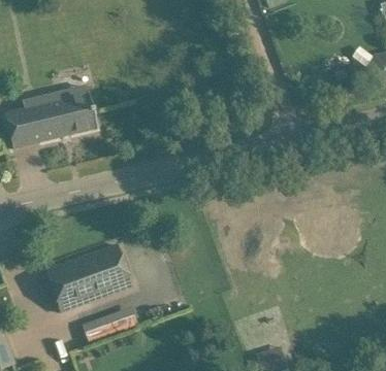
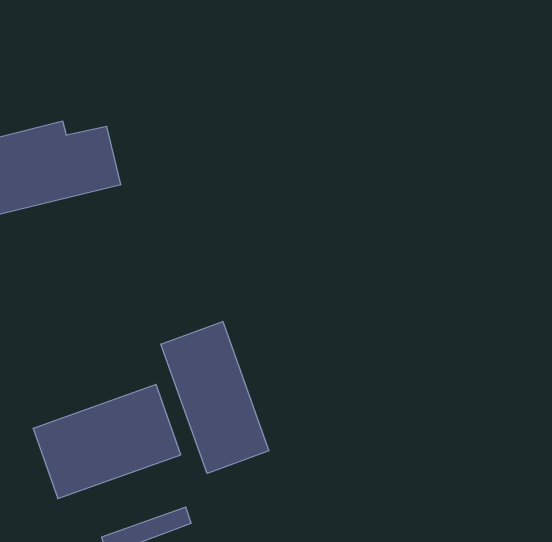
building: none -> [161,321,269,473]

